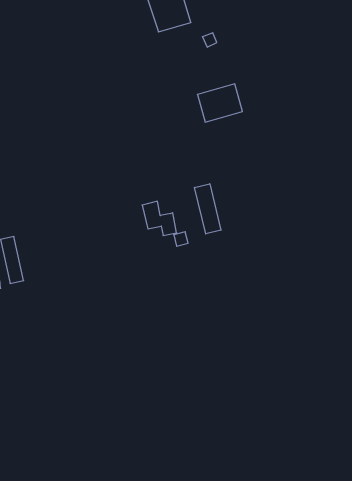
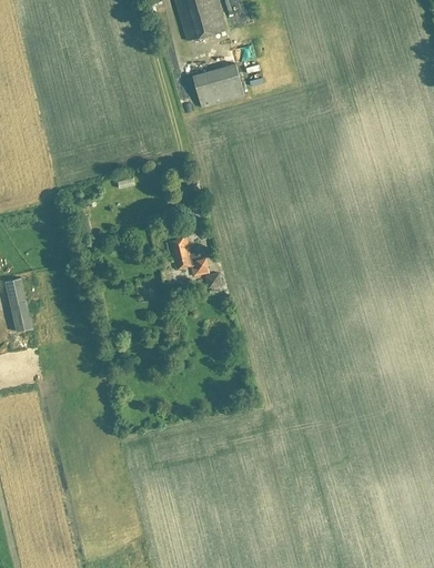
building: [197,84,242,122] -> [192,62,244,106]
building: [195,184,221,234] -> none

